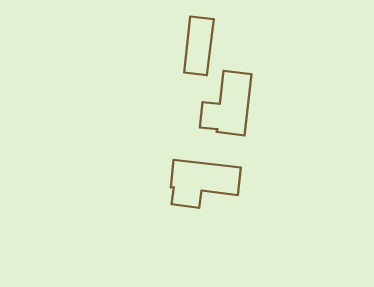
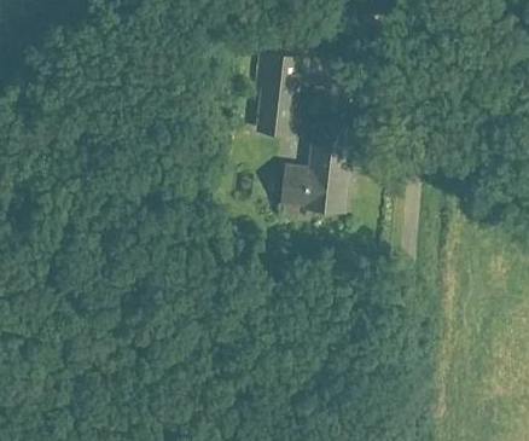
building: [171,160,241,208] -> none

